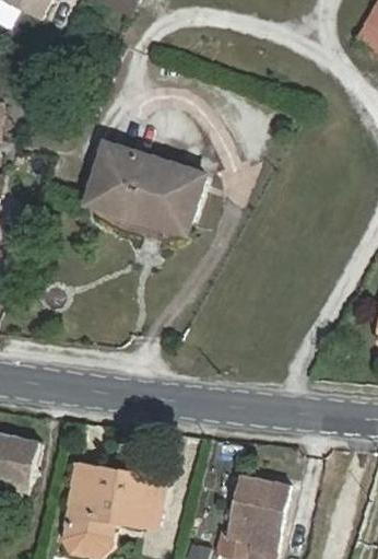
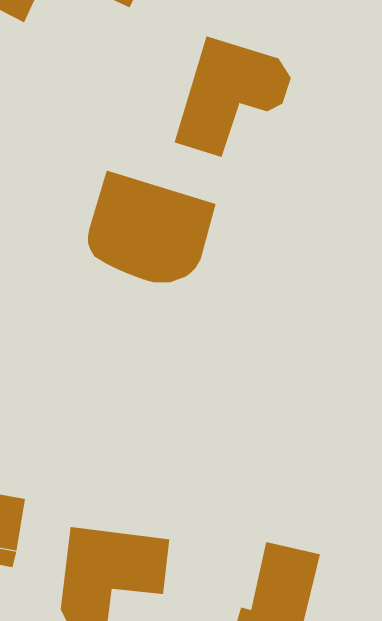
building: none -> [174,36,292,158]

